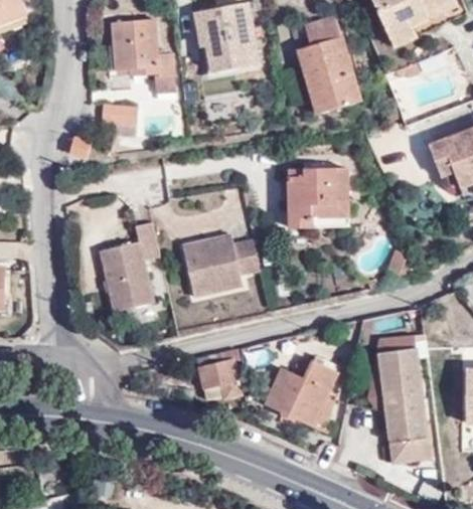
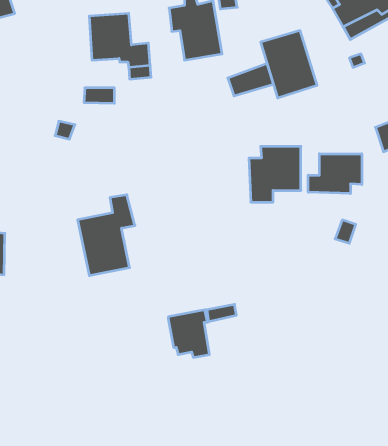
building: [292,14,343,50] -> [228,64,273,96]
building: none -> [308,154,362,194]
building: [178,232,257,298] -> none
building: [379,337,428,464] -> none
building: [264,356,340,433] -> none

